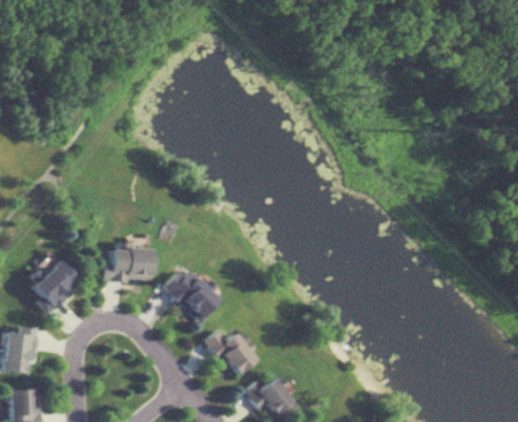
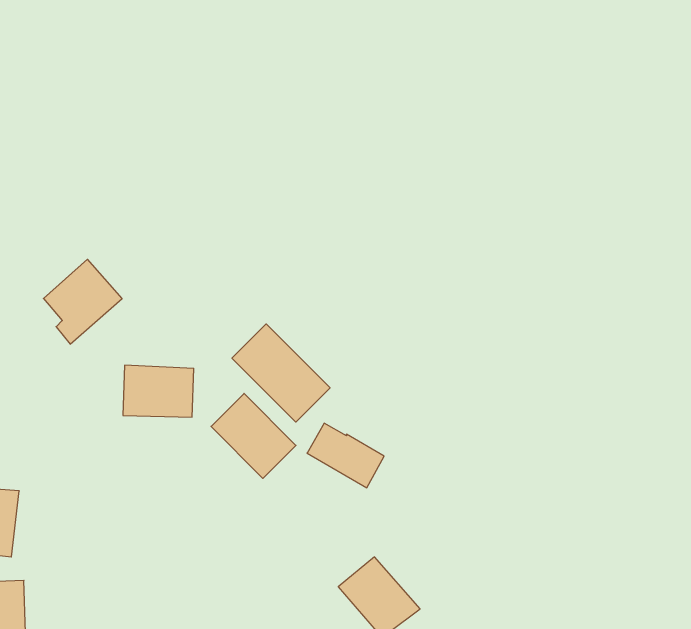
building: none -> [232,324,330,422]
building: [31,256,82,312] -> [43,259,122,344]
building: [204,329,254,372] -> [307,423,384,488]

